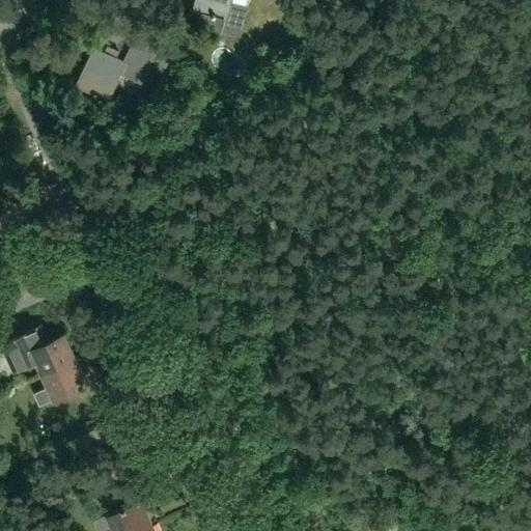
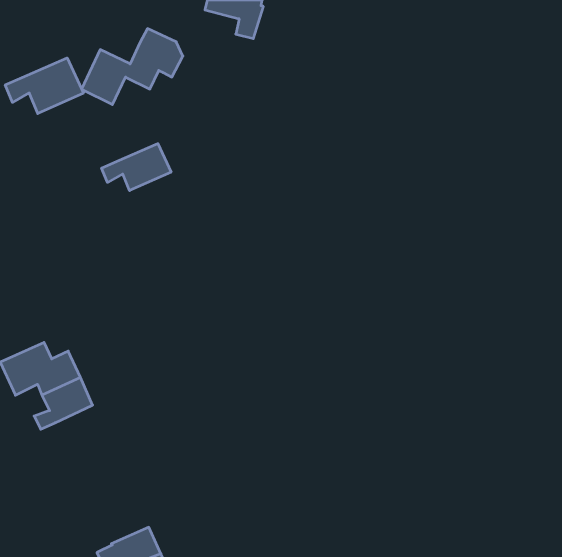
building: none -> [5,58,83,114]
building: none -> [102,144,171,191]

